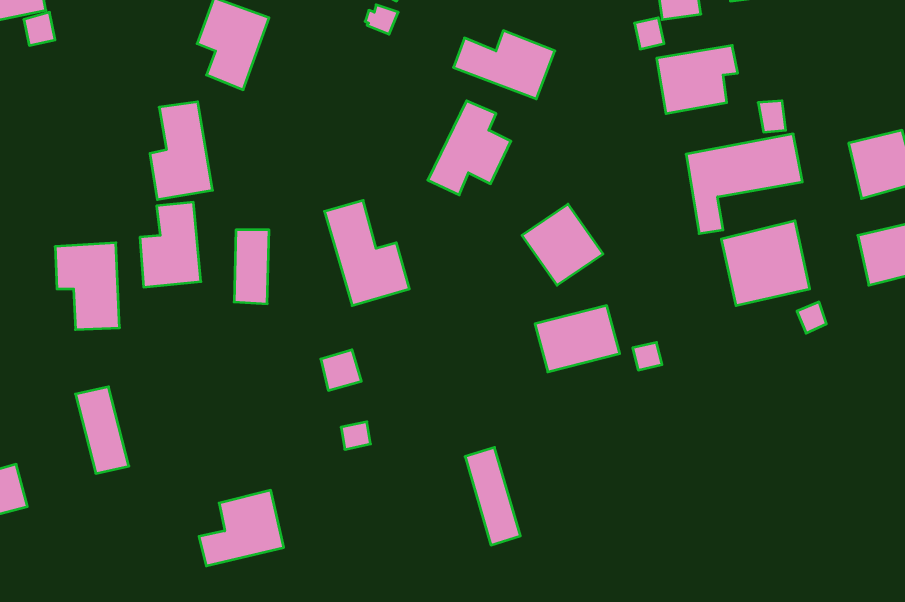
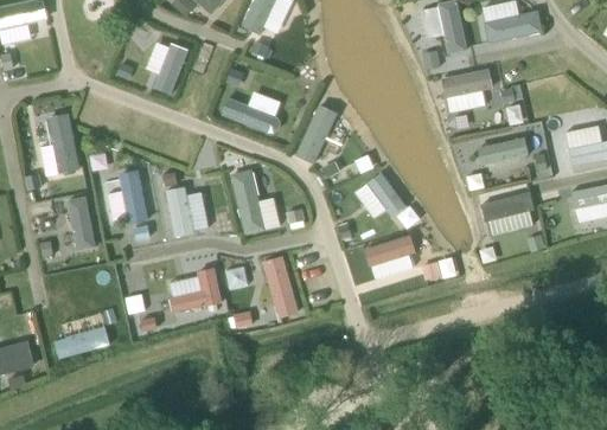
building: [453,31,555,99] -> [218,90,283,134]
building: [150,102,213,200] -> [39,113,79,175]
building: [465,447,520,545] -> [267,256,302,319]
building: [199,490,284,566] -> [165,267,219,315]

